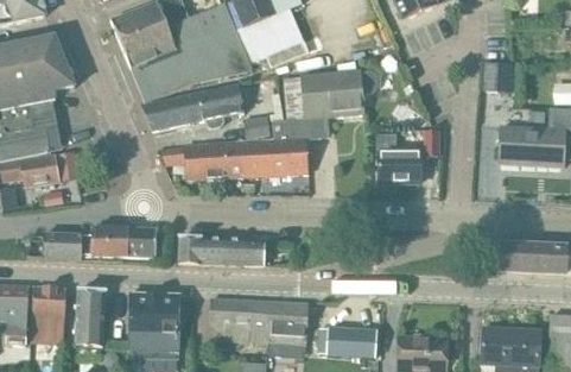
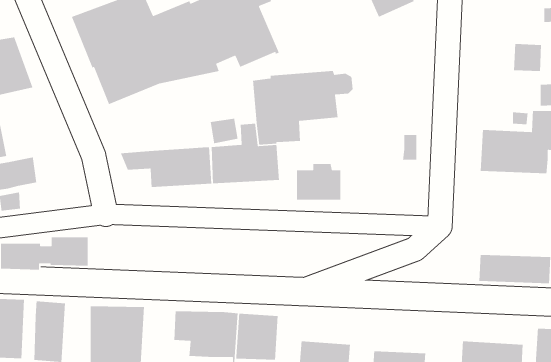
building: [484,63,512,90] -> [513,43,542,72]
building: [140,83,243,132] -> none
building: [378,146,420,182] -> [296,163,341,201]
building: [127,227,156,257] -> none
building: [178,235,265,265] -> none

